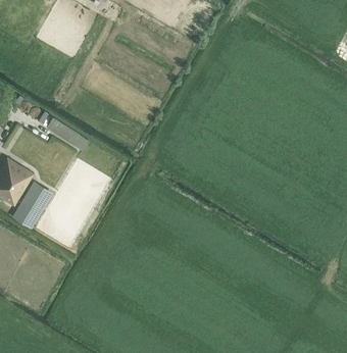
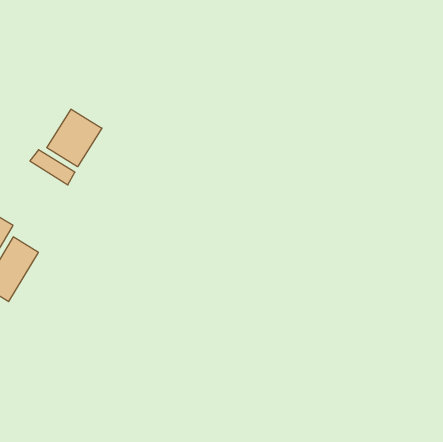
building: none -> [47,109,102,167]

